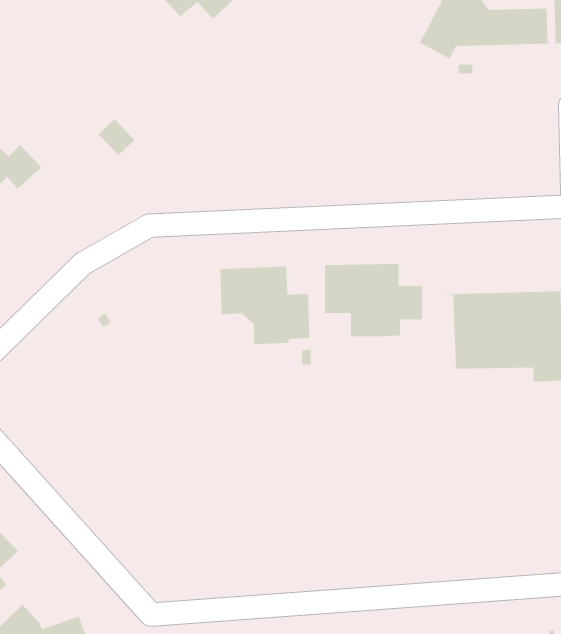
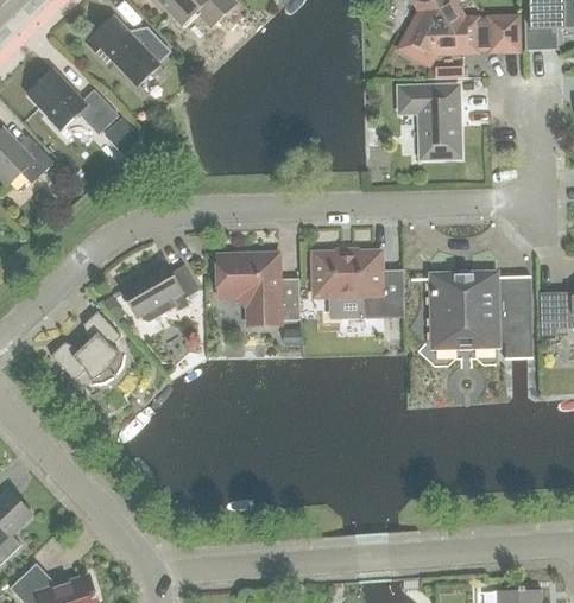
building: none -> [86,17,170,87]
building: none -> [30,72,118,134]
building: none -> [398,85,460,158]
building: none -> [120,262,198,322]
building: none -> [50,311,125,386]

